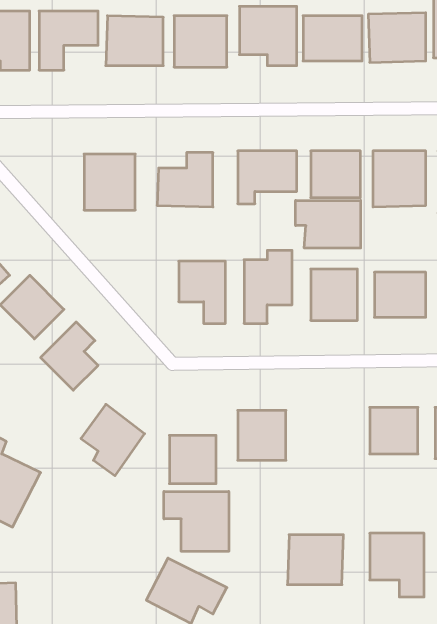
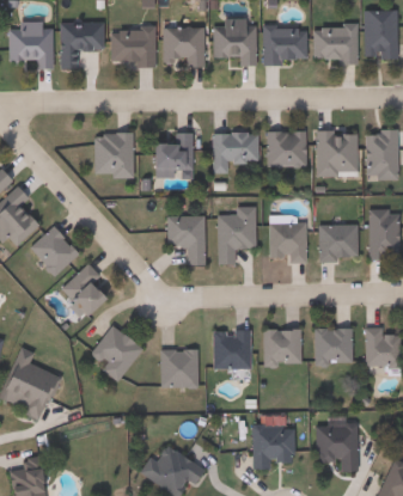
building: [296,200,361,248] -> none
building: none -> [262,329,299,365]
building: [164,491,229,551] -> none

